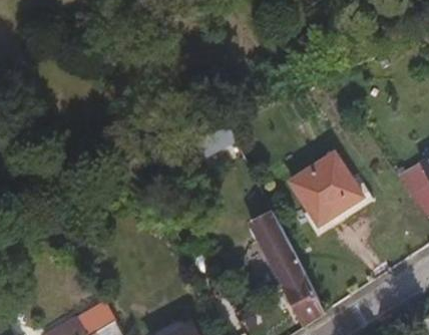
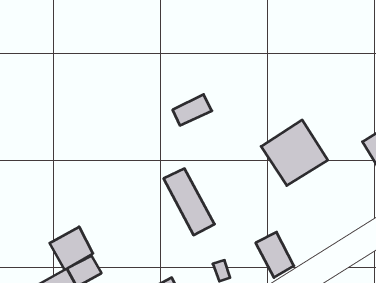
building: [251,215,307,288] -> [164,169,215,235]
building: none -> [50,227,93,270]

